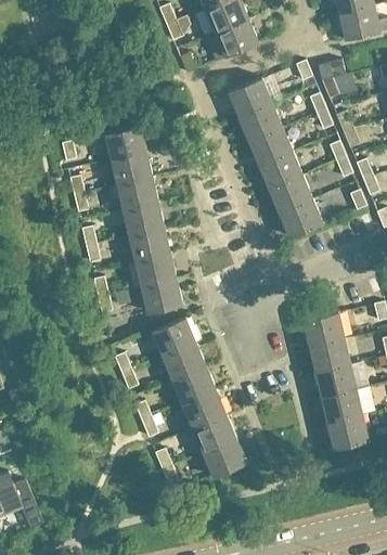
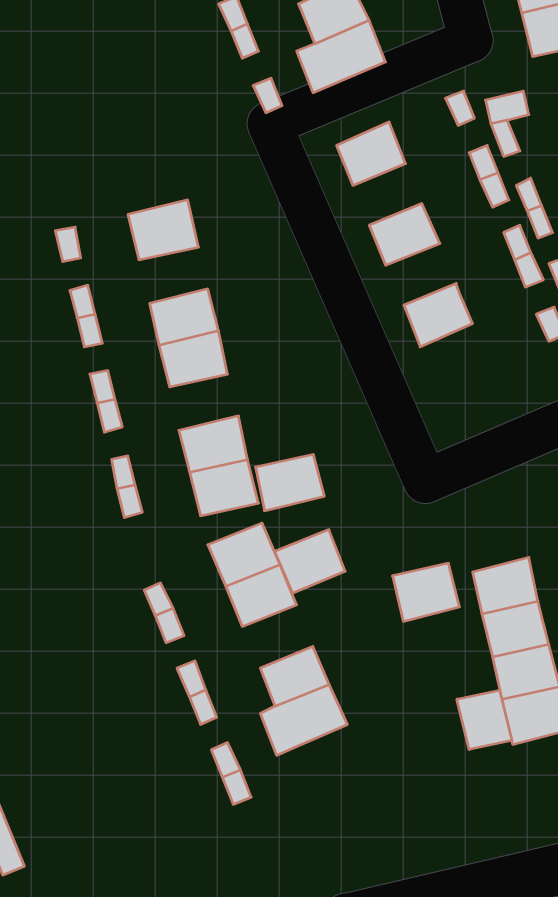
building: [238,103,280,140] -> none
building: [258,151,300,188] -> none
building: [111,153,152,186] -> none
building: [279,198,321,237] -> none
building: [129,229,170,262] -> [255,454,324,511]
building: [304,312,344,347] -> [392,563,460,621]
building: [172,366,215,404] -> [274,530,345,593]
building: none -> [457,690,512,750]
building: [203,438,245,477] -> none

